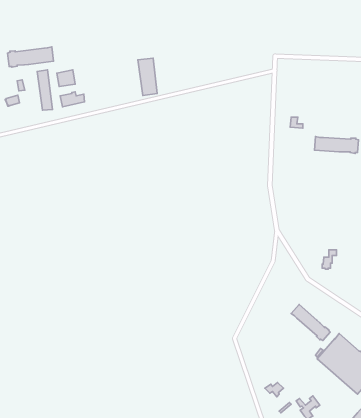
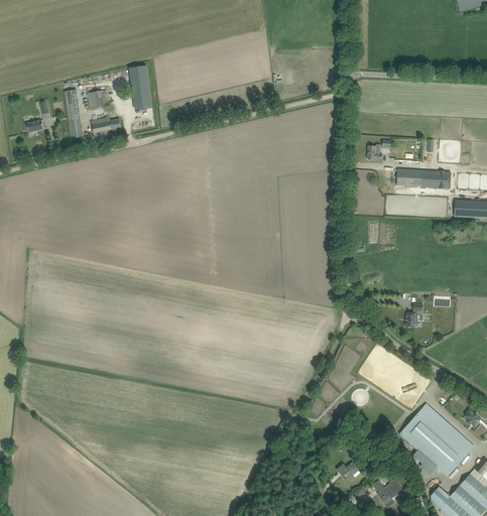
building: [7,47,54,67] -> none
building: [138,58,157,95] -> [129,66,152,110]
building: [291,305,330,341] -> none

